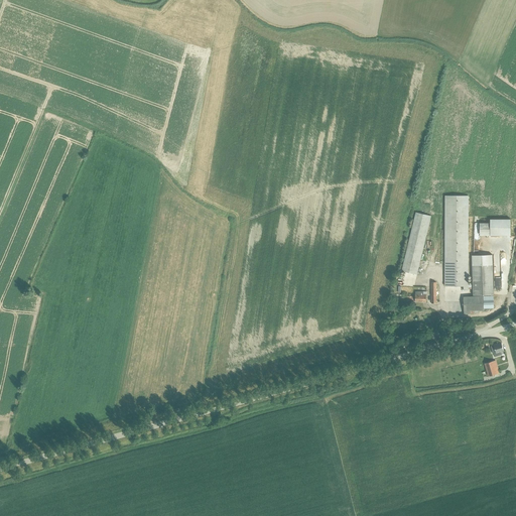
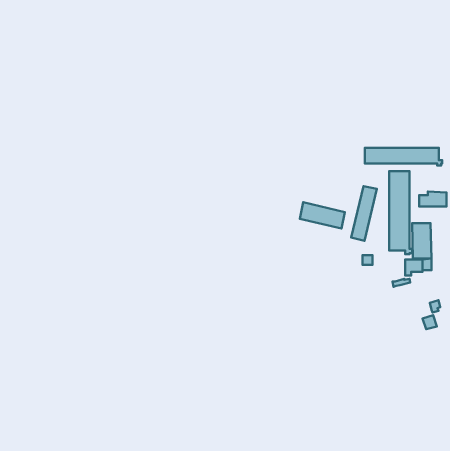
building: none -> [365,148,442,166]
building: none -> [300,202,345,229]

